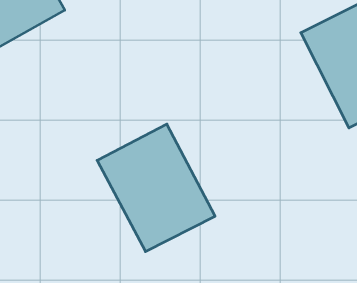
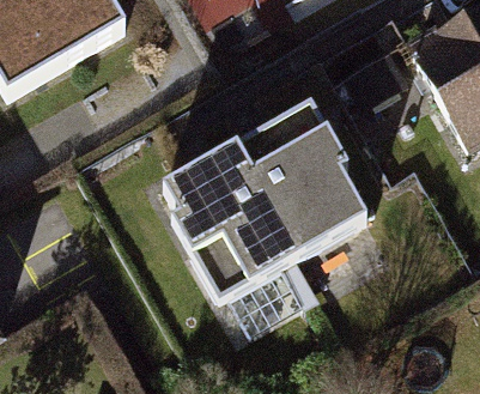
building: none -> [243,119,381,272]

